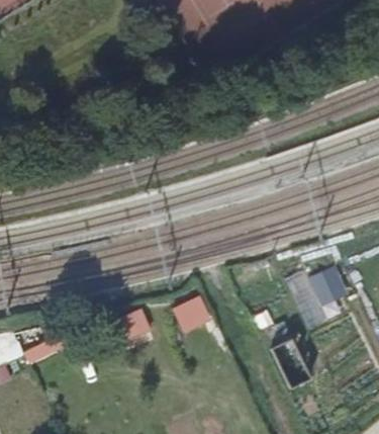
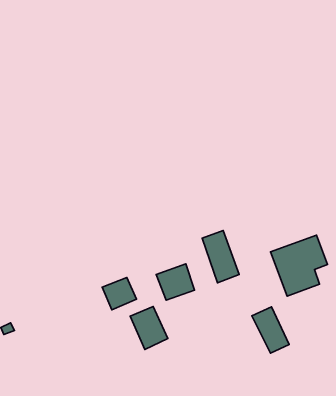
building: none -> [202,230,239,283]
building: none -> [130,307,168,350]

